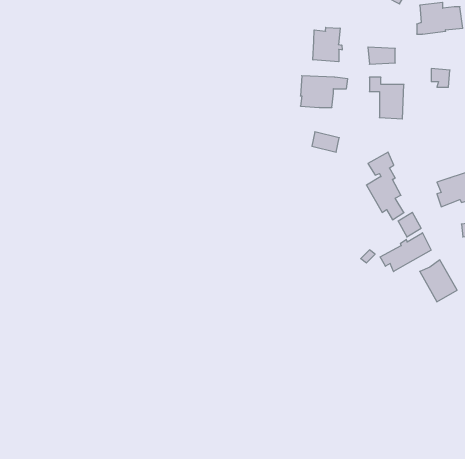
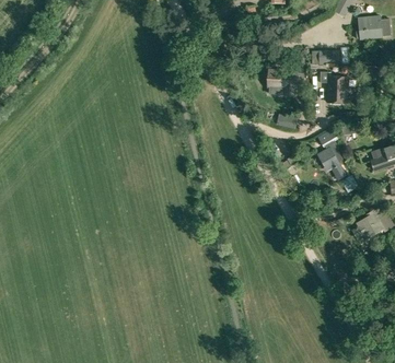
building: [313,27,342,62] -> none
building: [380,233,431,272] -> none

